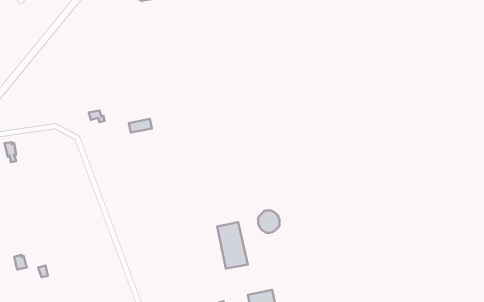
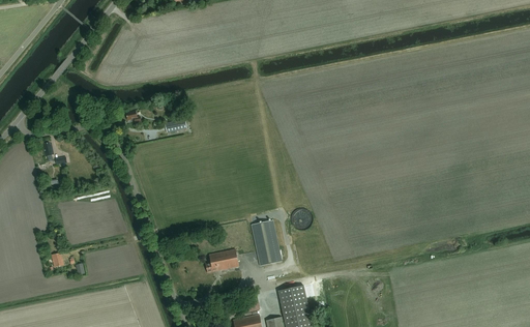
building: none -> [205,247,238,271]

